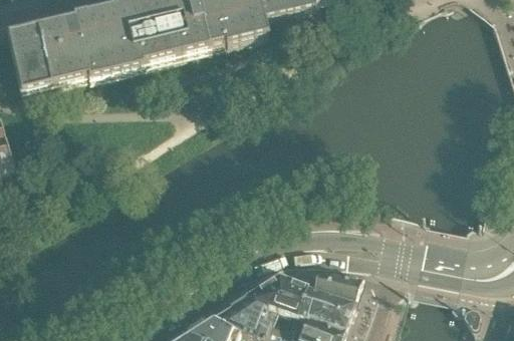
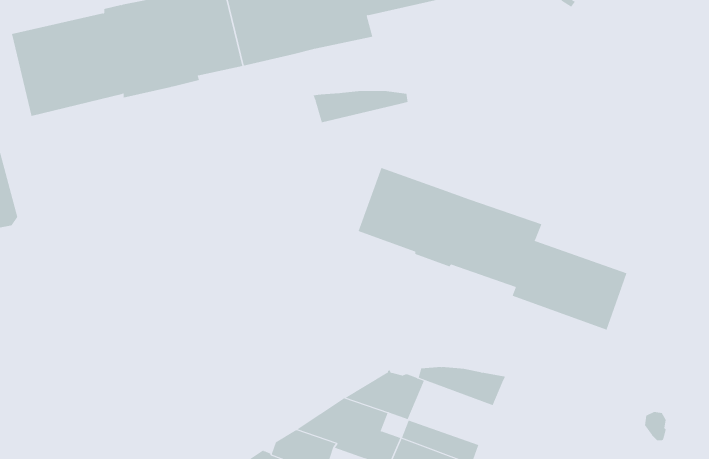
building: none -> [313,90,408,123]
building: none -> [358,167,627,331]
building: [293,279,355,325] -> none

